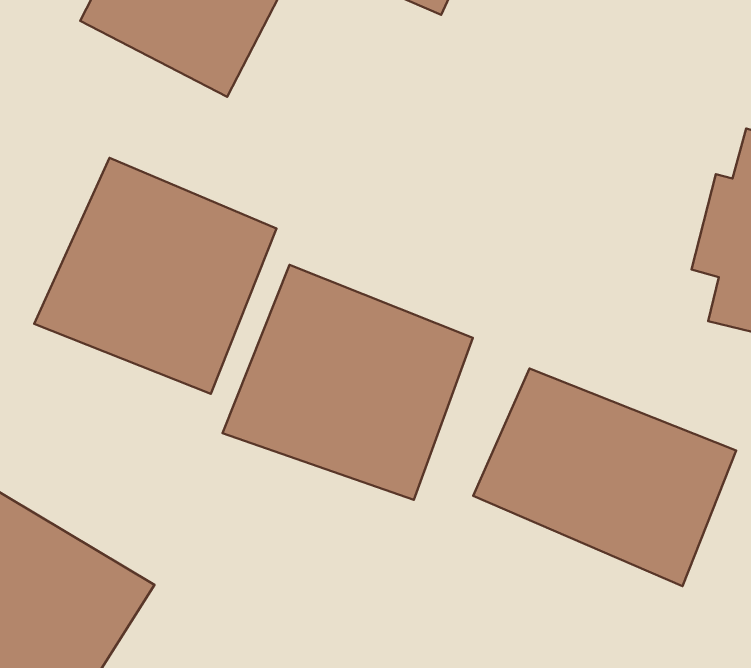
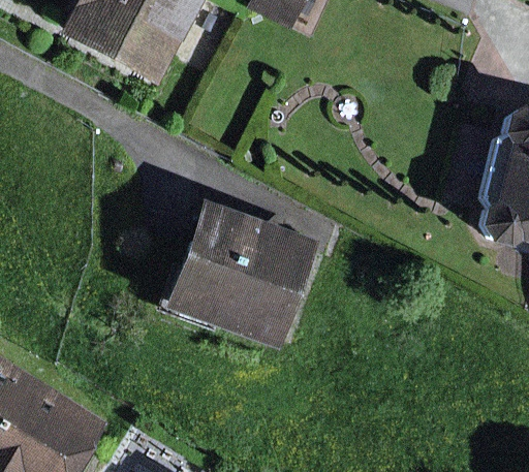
building: [34,158,276,394] -> none
building: [473,369,736,586] -> none

